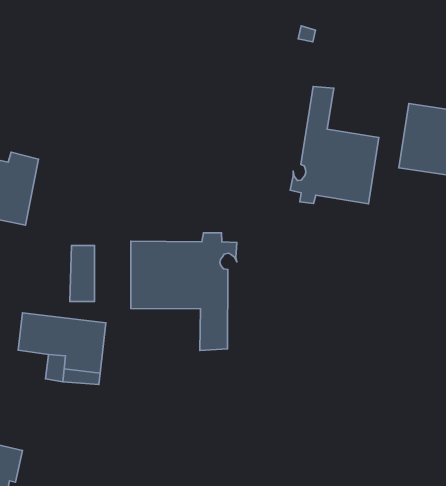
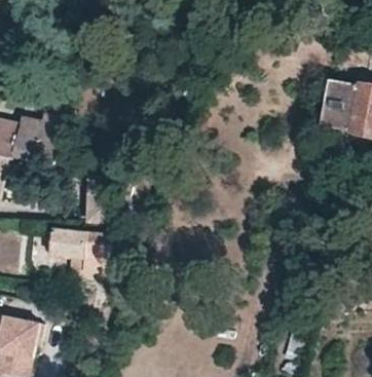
building: [290,87,379,204] -> none
building: [131,233,237,350] -> none

